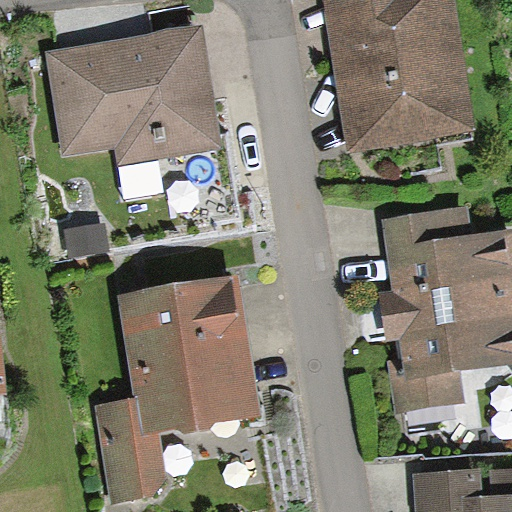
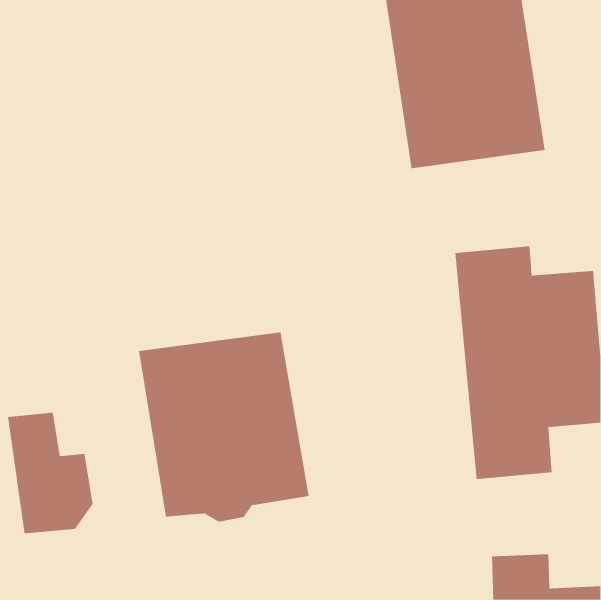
building: [54,39,203,168] -> none
building: [95,401,168,504] -> [7,412,94,534]

